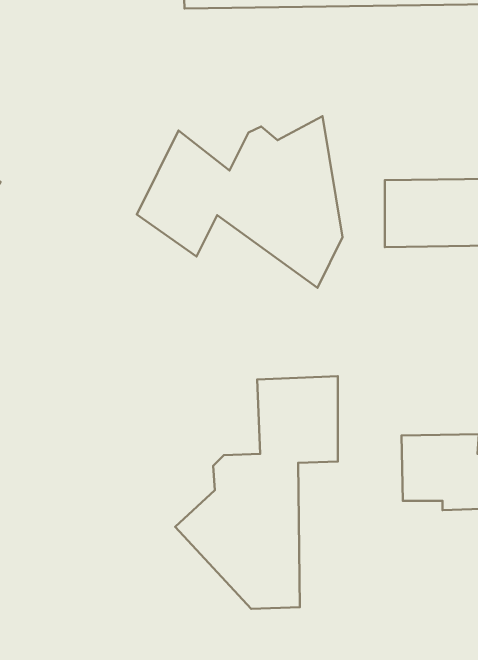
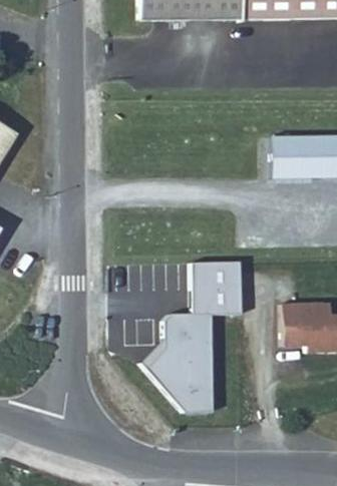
building: [137,116,343,288] -> none

